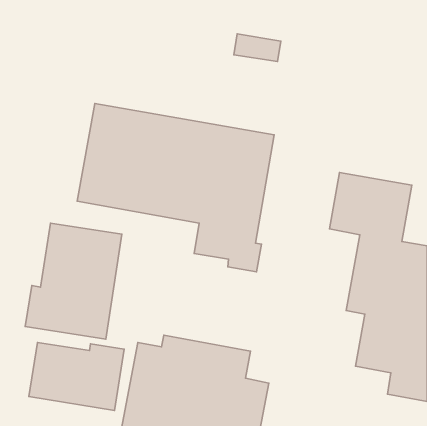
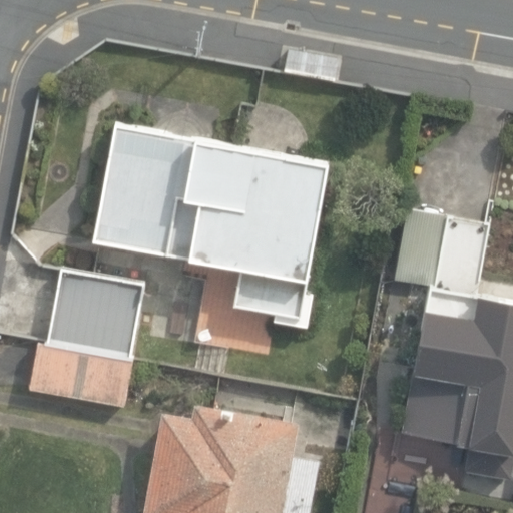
building: [29,342,124,410] -> none

